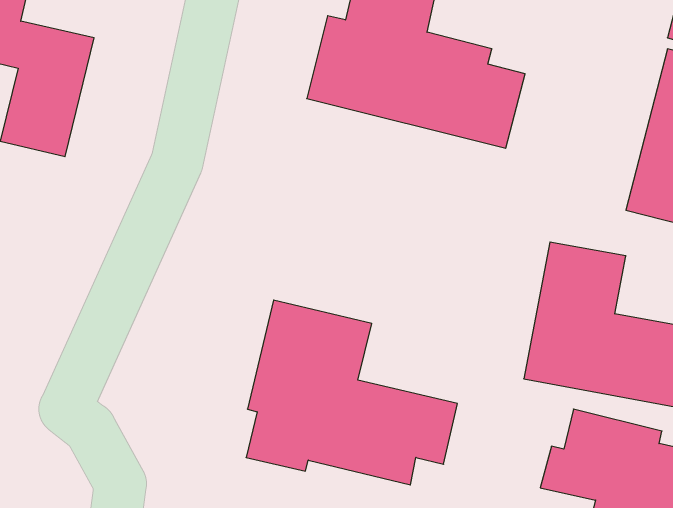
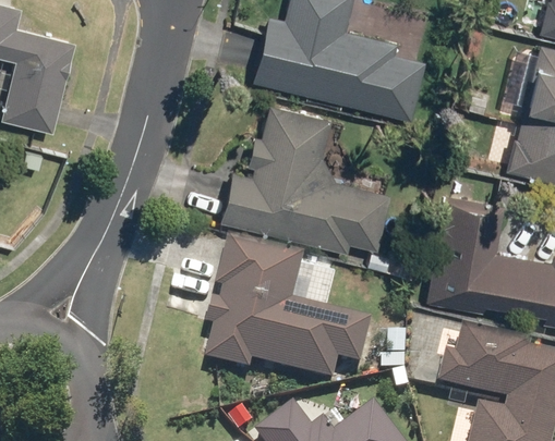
building: none -> [217,102,390,259]

